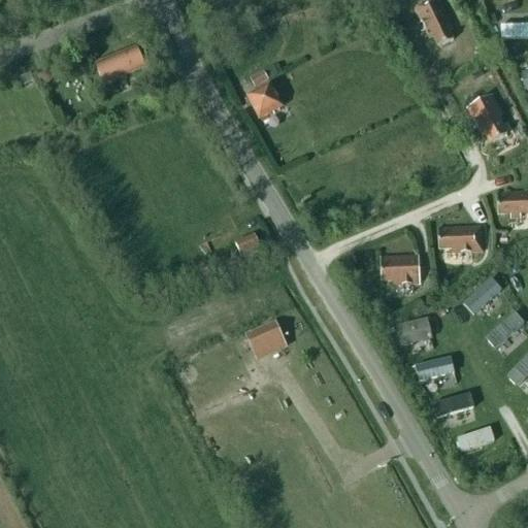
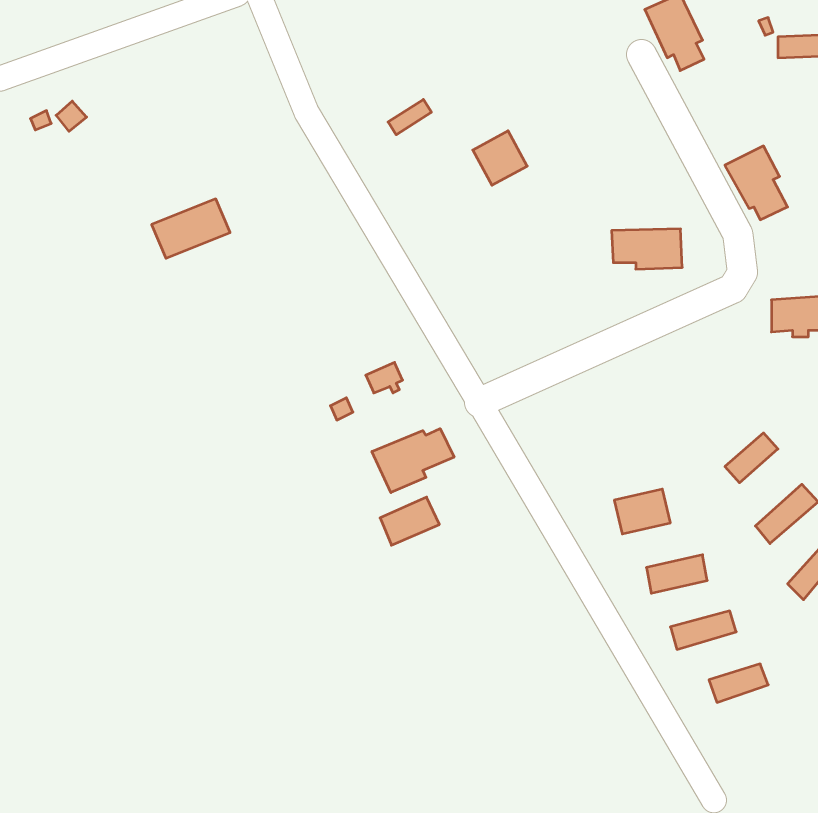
building: [95,44,145,82] -> [152,199,230,258]
building: [248,82,283,118] -> [473,131,527,185]
building: [437,226,483,252] -> [612,229,682,269]
building: [381,255,420,284] -> none
building: none -> [372,429,454,493]

